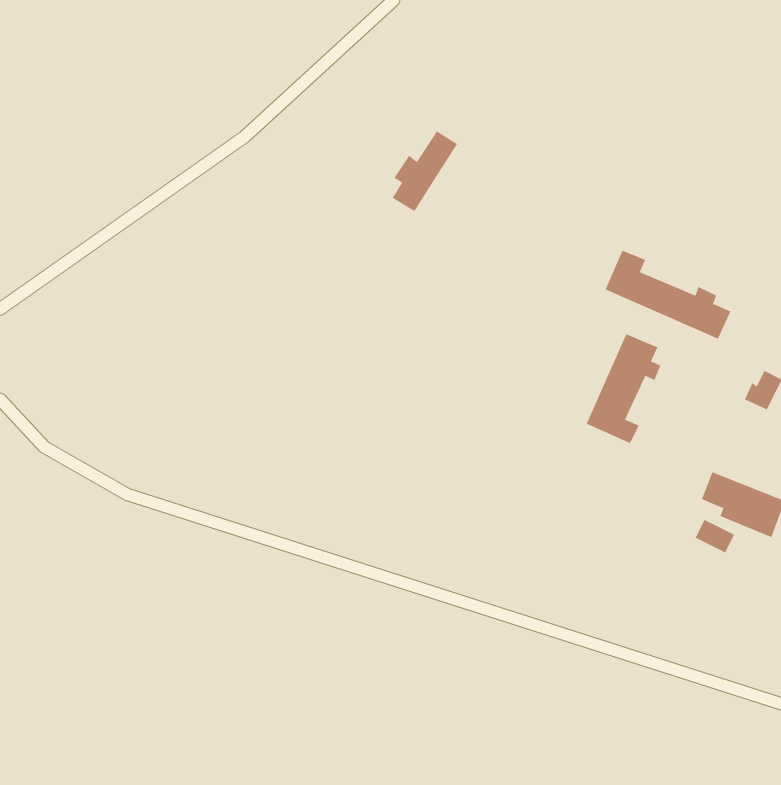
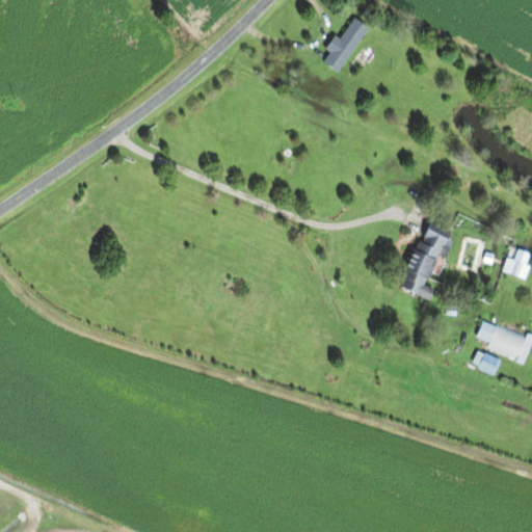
building: [392,130,458,212] -> [324,18,369,73]
building: [605,250,731,340] -> none

